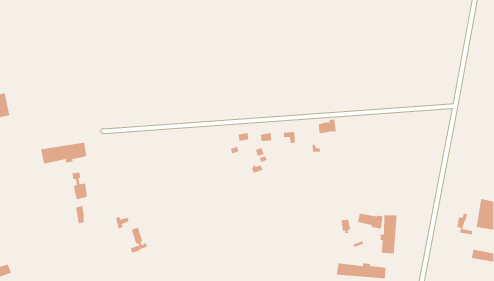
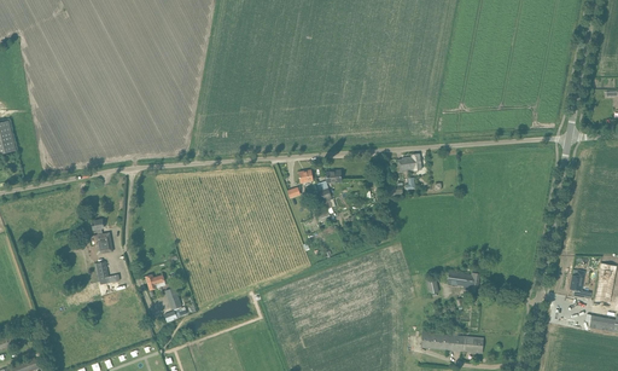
building: [40,142,87,164] -> none
building: [380,214,398,254] -> none

